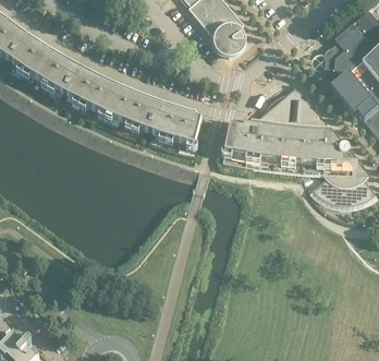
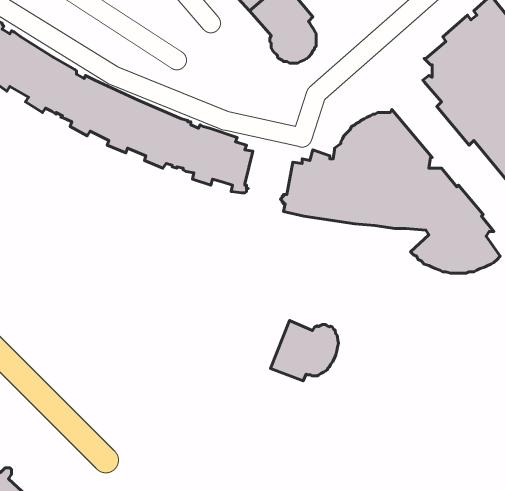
building: none -> [271,321,338,381]

